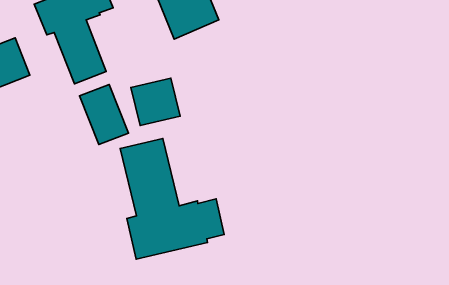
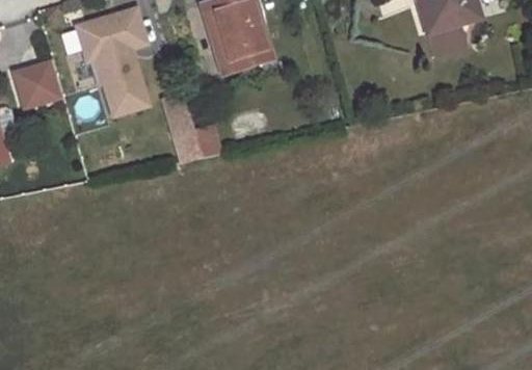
building: [79,84,129,144] -> none
building: [120,139,224,259] -> none

